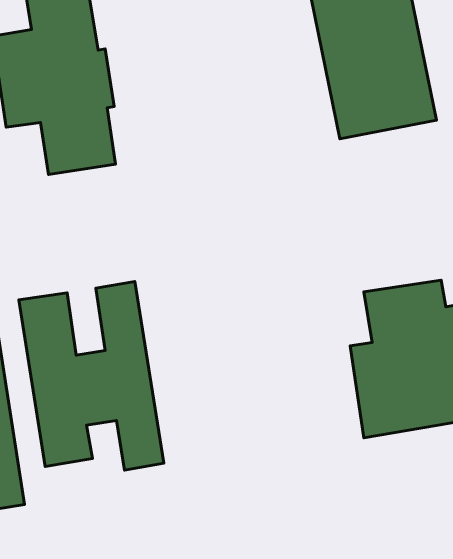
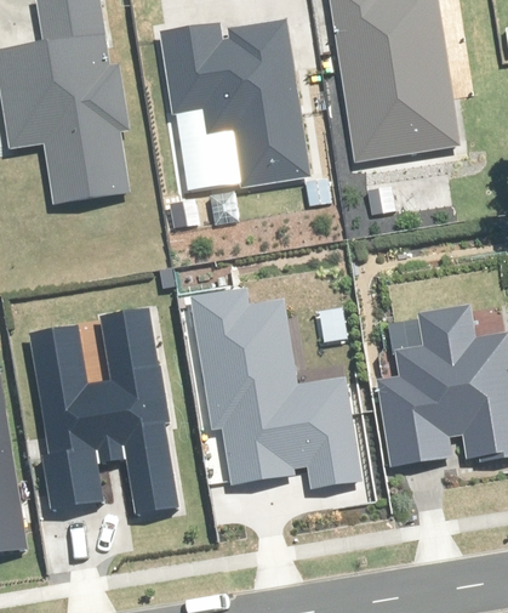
building: none -> [155,22,309,191]
building: none -> [184,289,361,483]

